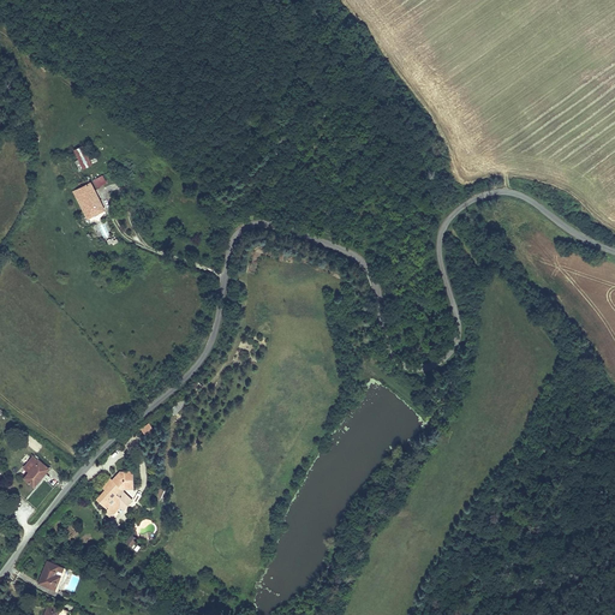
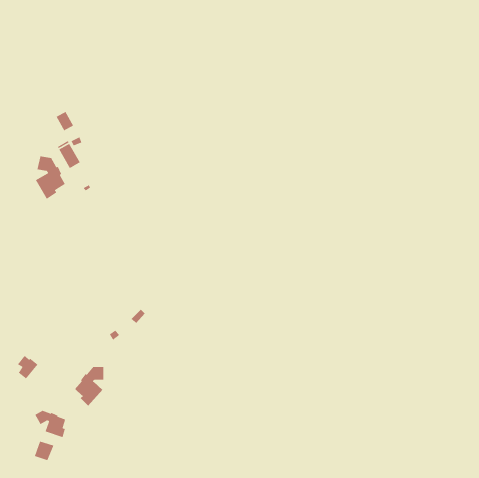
building: none -> [35,155,66,200]
building: none -> [34,410,66,438]

